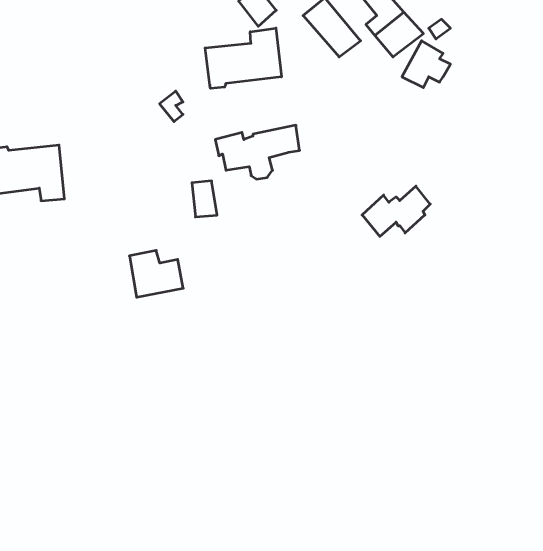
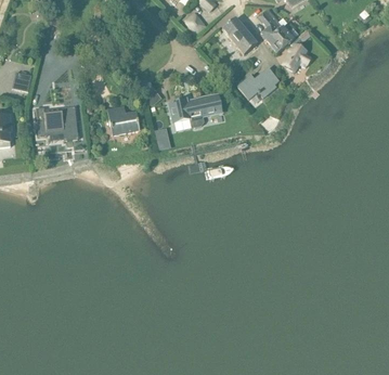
building: [205,28,281,88] -> none
building: [362,186,430,236] -> [237,69,278,100]
building: [129,250,183,297] -> [107,106,140,134]

